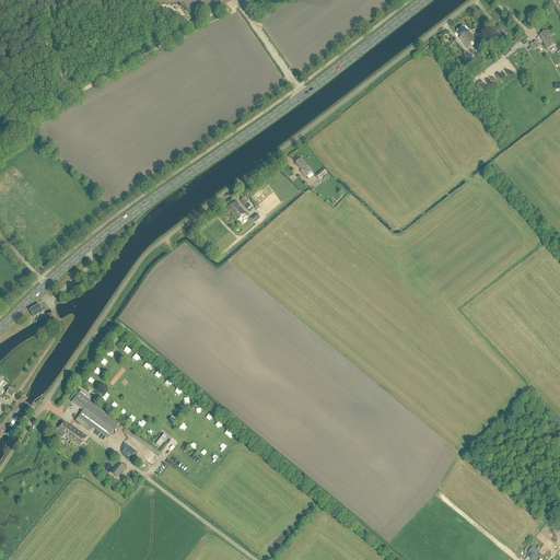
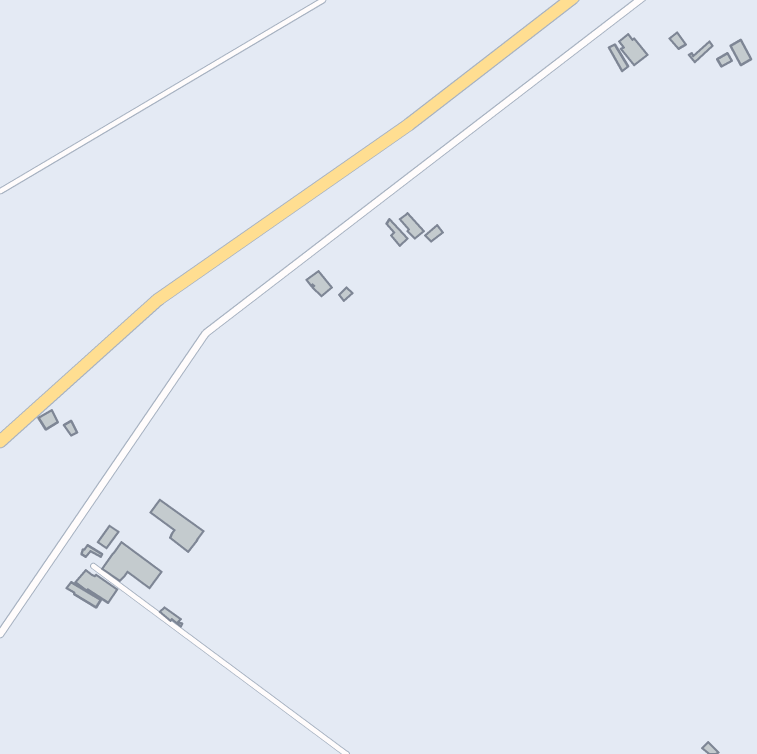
building: none -> [151,500,203,552]

